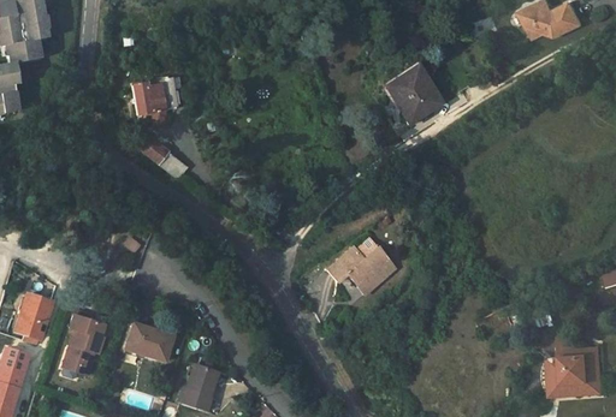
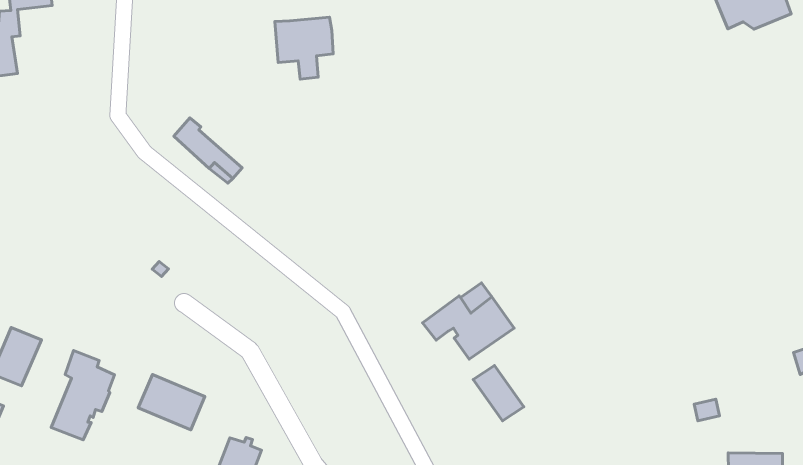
building: [385,64,443,124] -> none
building: [132,78,177,125] -> [275,17,333,79]
building: none -> [473,366,524,421]

